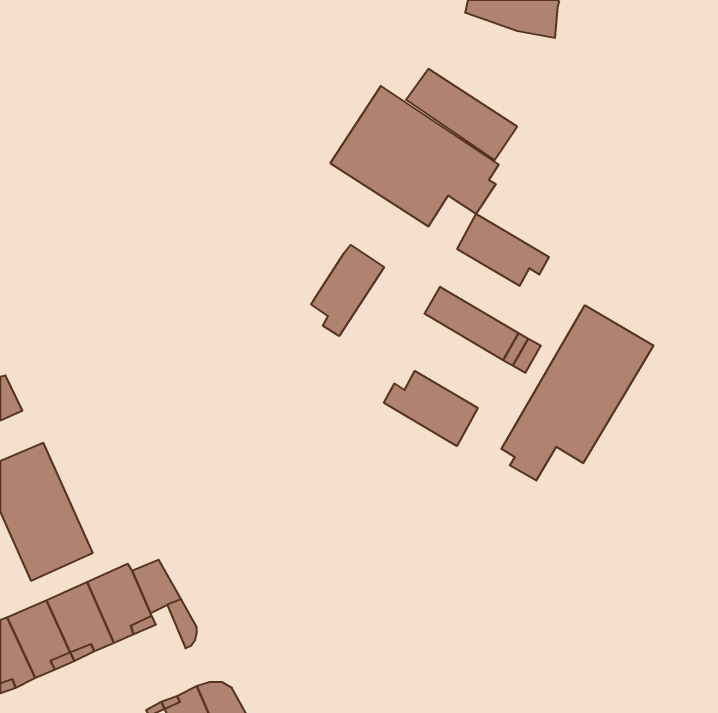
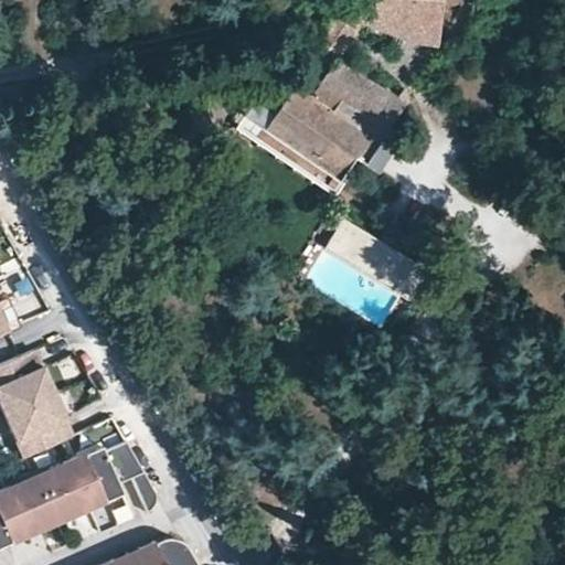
building: [457,214,549,286] -> none
building: [311,245,384,336] -> none
building: [501,305,653,481] -> none
building: [384,371,478,446] -> none

